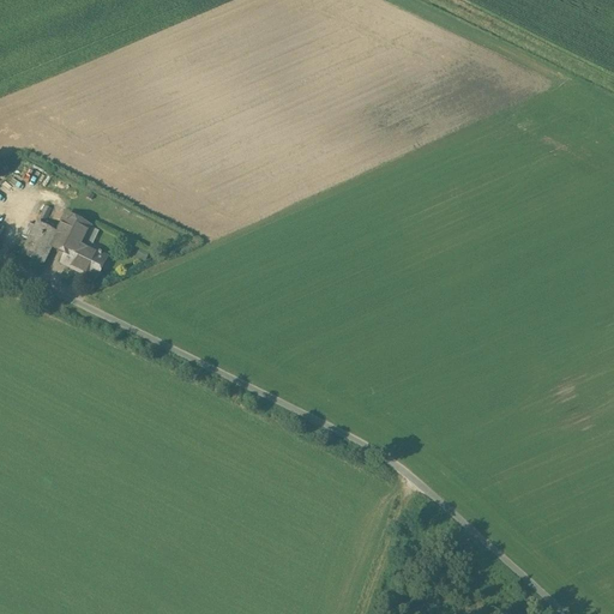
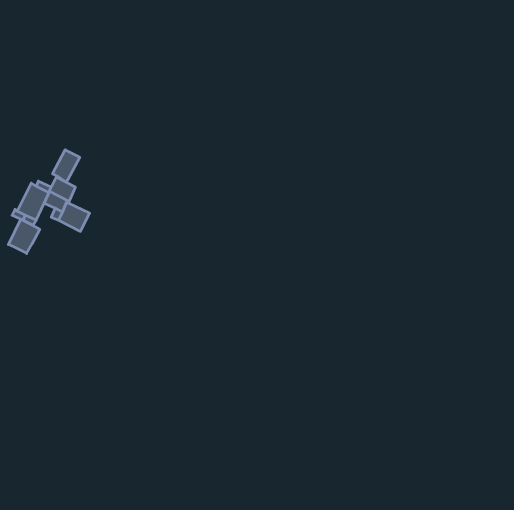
building: none -> [53,150,80,182]
building: none -> [8,219,40,254]

